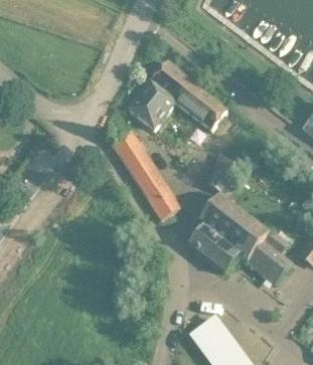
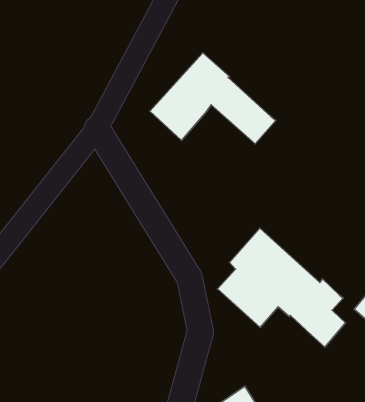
building: [111,130,180,218] -> none

